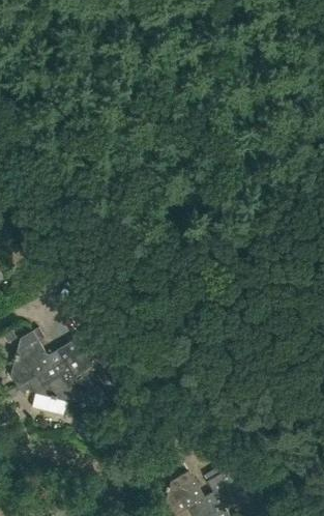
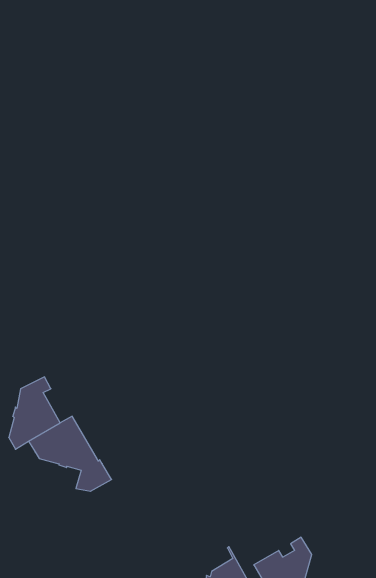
building: [55,328,97,395] -> none

